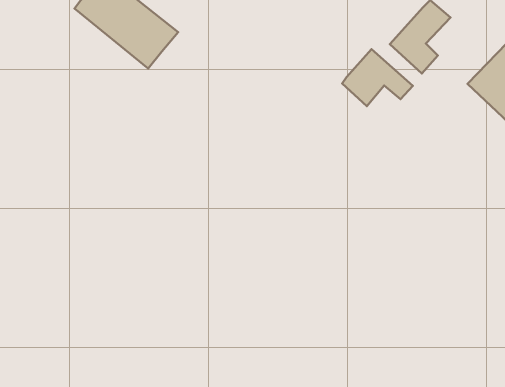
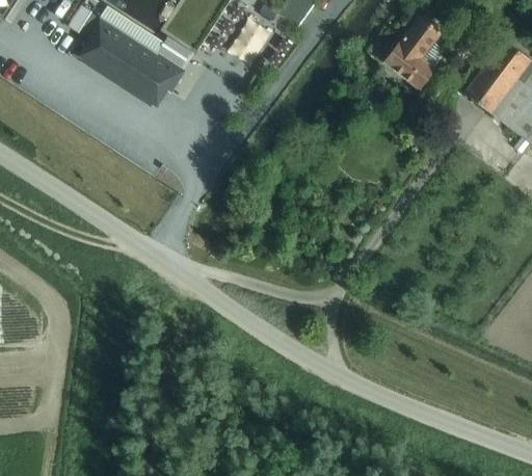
building: [342,49,413,106] -> none

